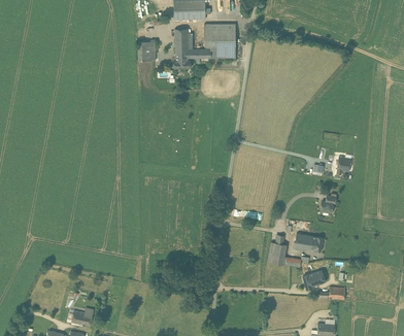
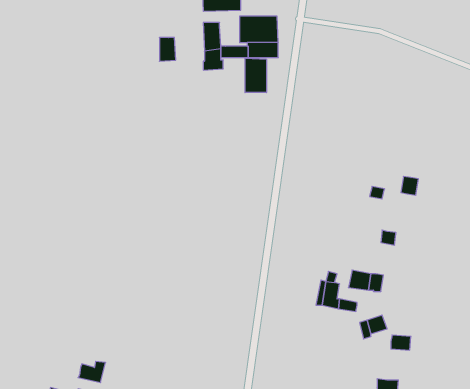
building: none -> [245,58,266,93]

